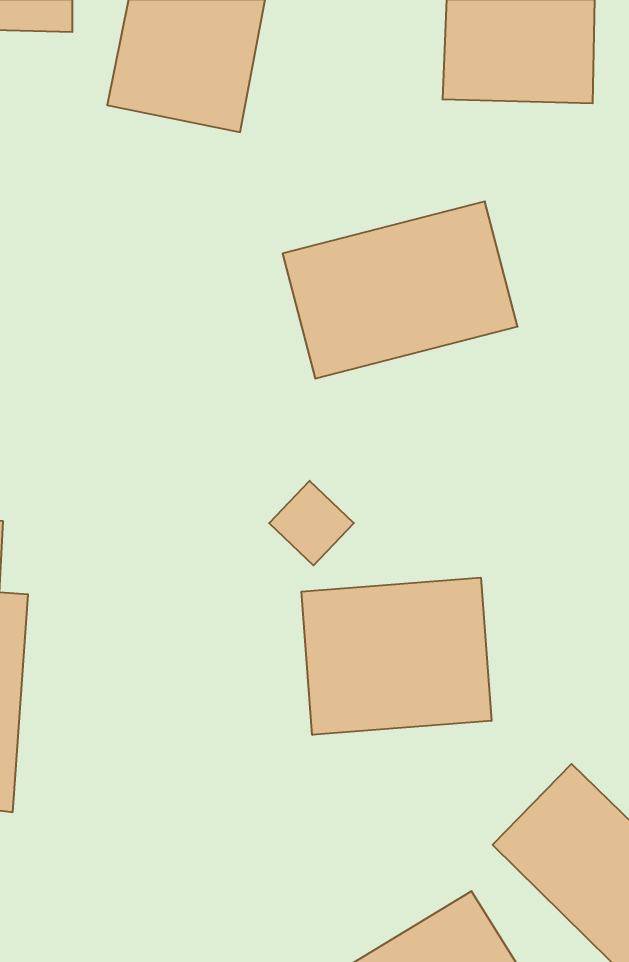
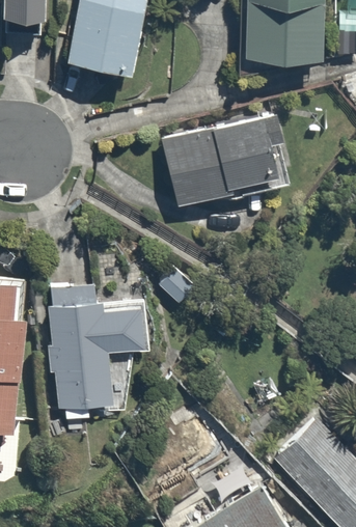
building: none -> [46,282,145,423]
building: [302,578,491,735] -> none

